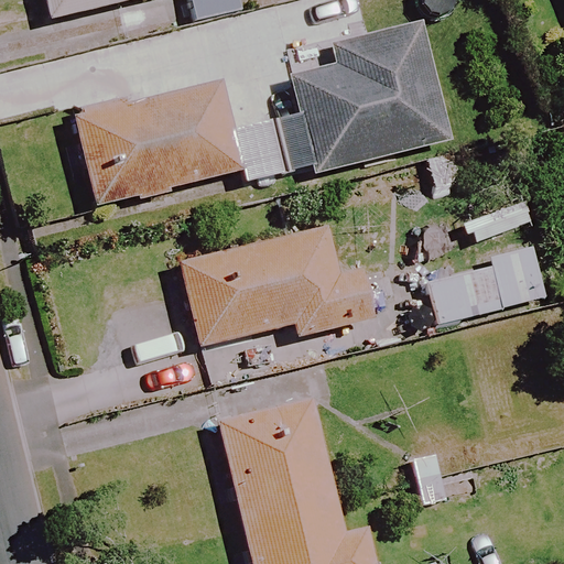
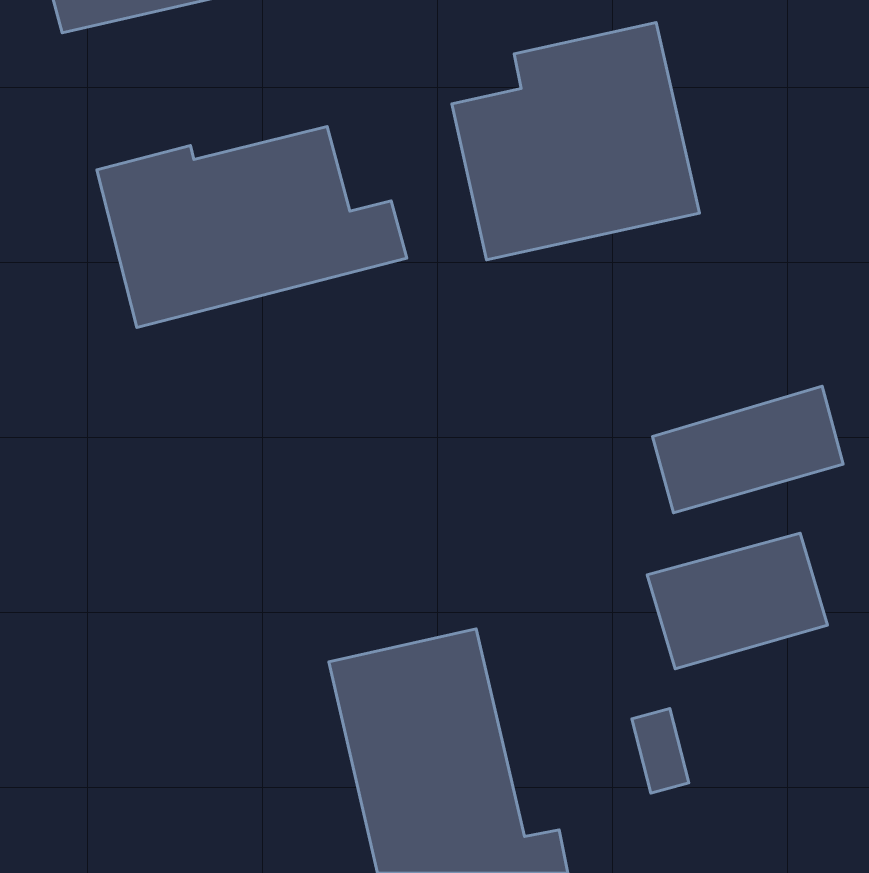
building: [178,226,380,348] -> none
building: none -> [647,533,827,669]

